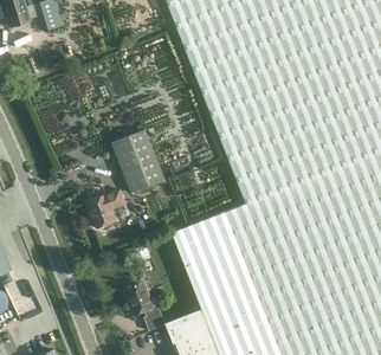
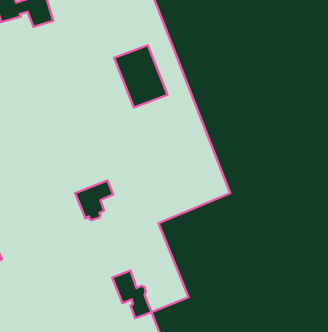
building: [111,129,166,193] -> [114,45,167,108]

